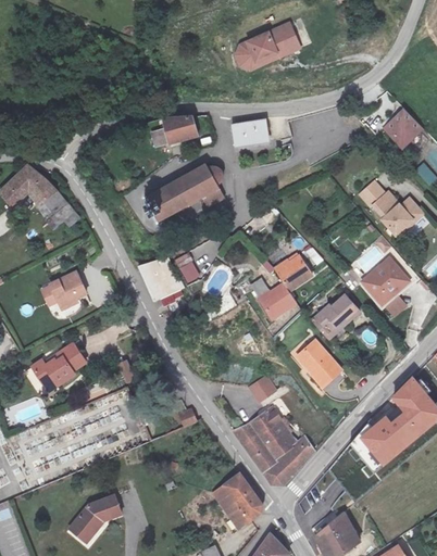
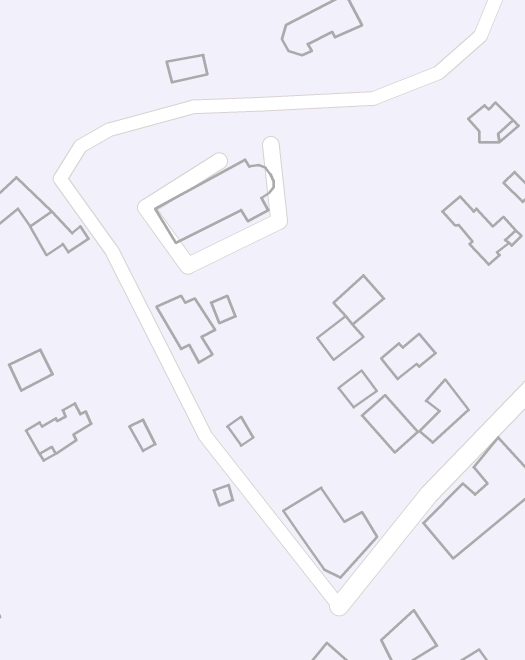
building: [161,115,193,137] -> [167,55,207,82]
building: [240,117,276,144] -> none
building: [364,260,412,306] -> none
building: [48,273,83,305] -> [9,350,53,391]
building: none -> [420,380,469,443]
building: [246,375,276,404] -> [339,371,377,407]
building: [214,476,265,532] -> none
building: [72,497,124,545] -> none

